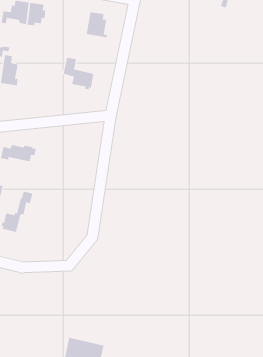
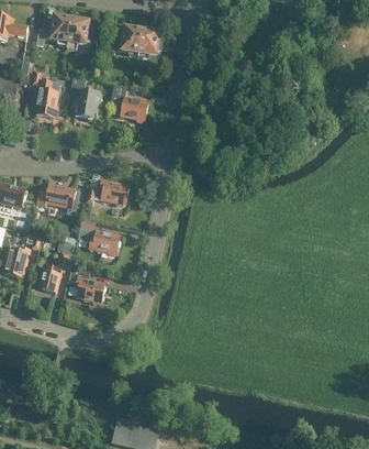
building: none -> [118,26,143,56]
building: none -> [70,77,100,118]
building: none -> [87,180,130,206]
building: none -> [78,219,121,255]
building: none -> [69,269,105,303]

